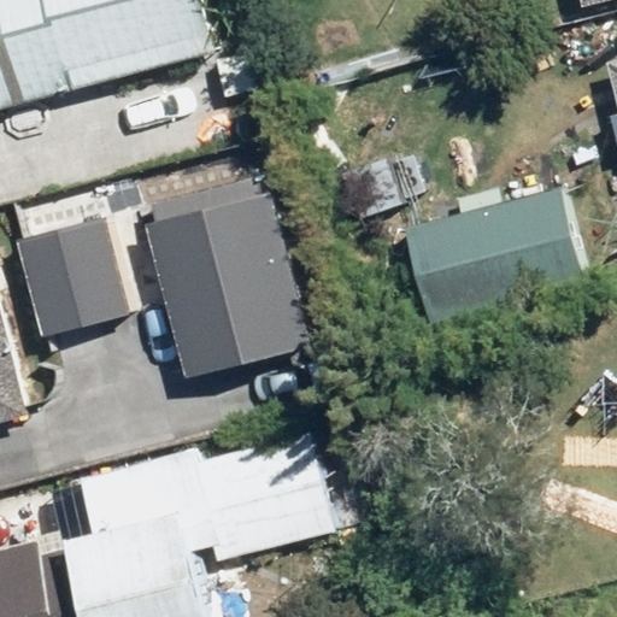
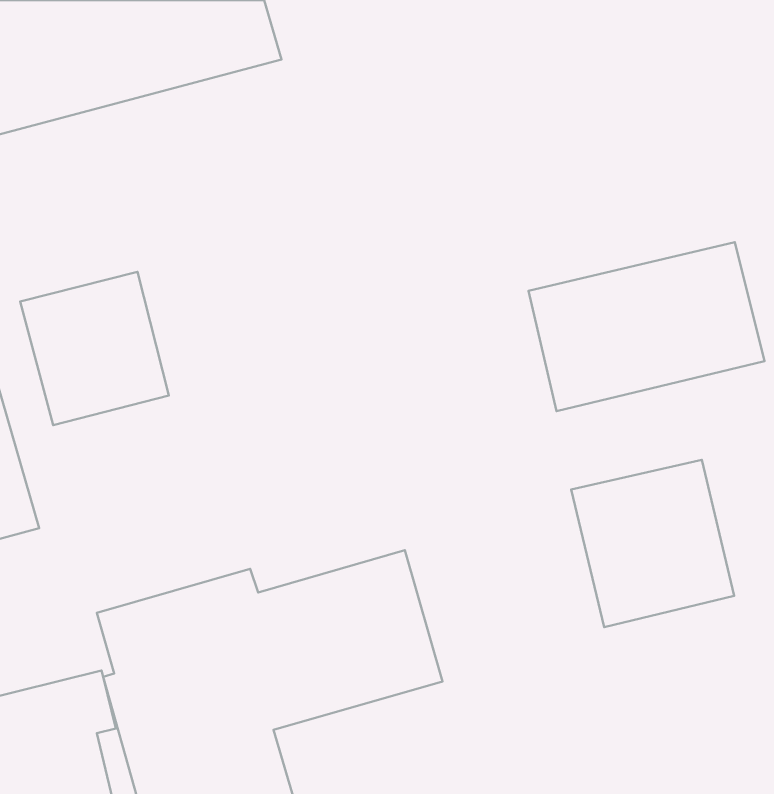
building: [145,186,313,376] -> none
building: none -> [571,460,734,627]

